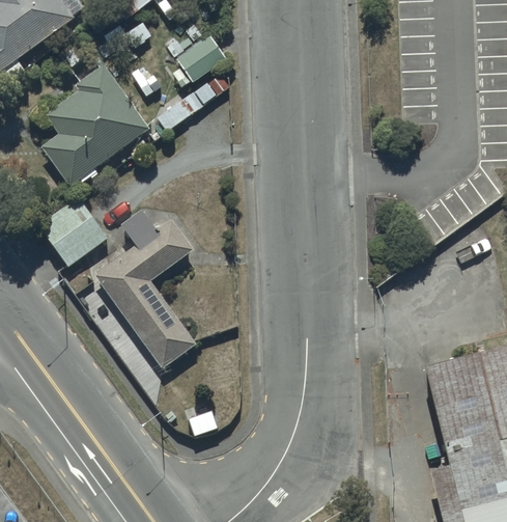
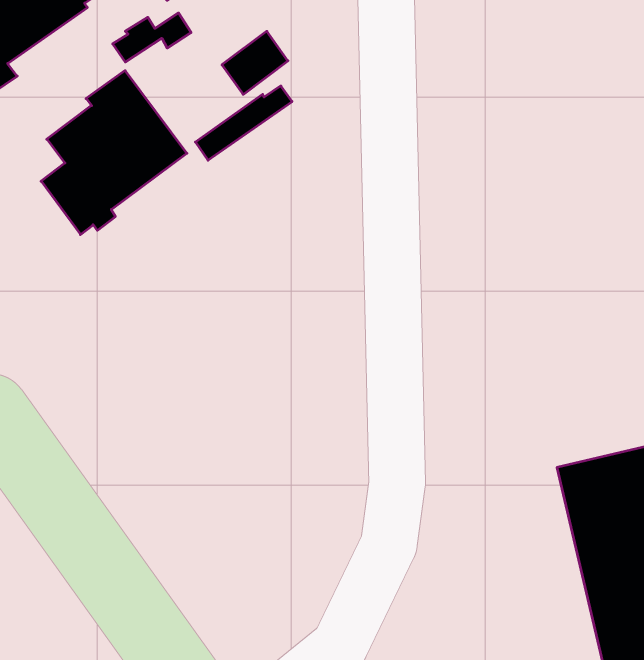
building: [38,197,107,267] -> none
building: [94,209,198,368] -> none

